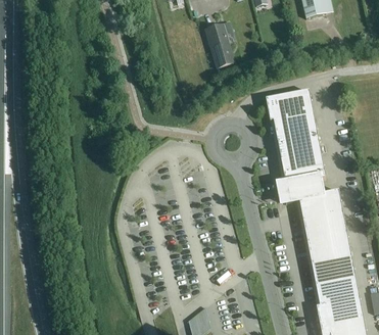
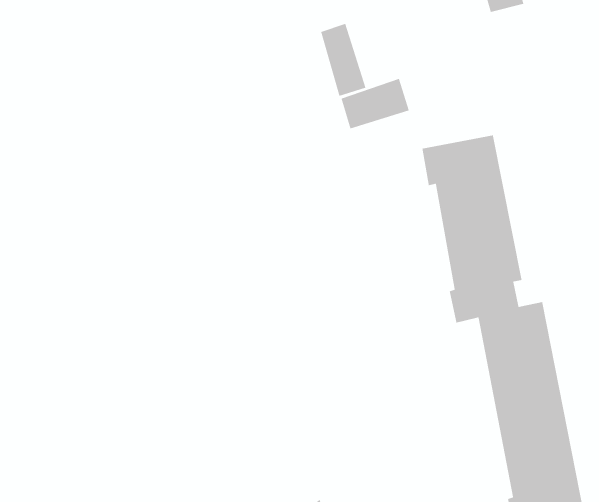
building: none -> [340,78,410,129]

